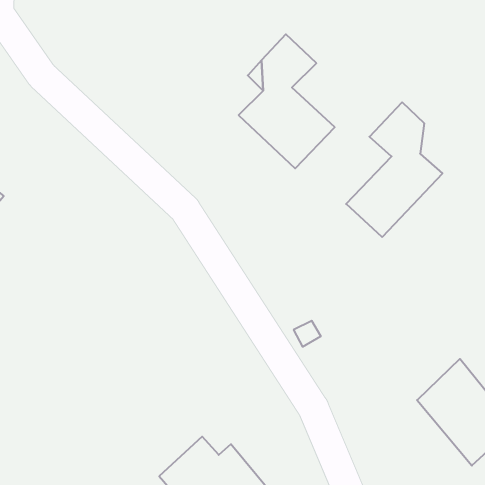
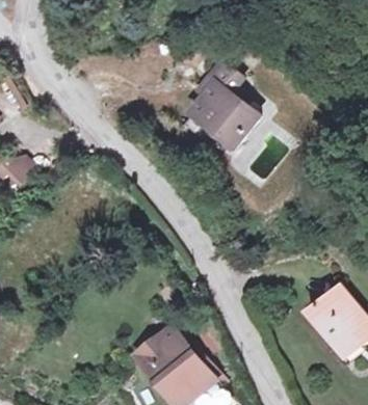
building: [346,102,442,237] -> none

